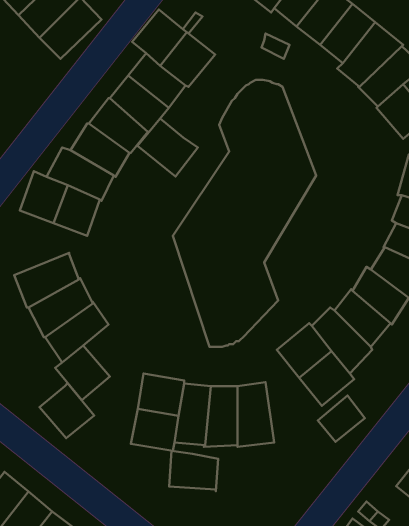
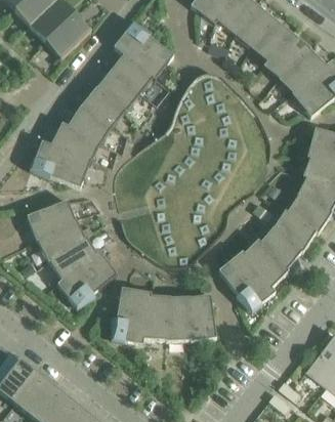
building: [138,118,198,176] -> none
building: [40,383,94,438] -> [77,249,117,289]
building: [318,395,365,442] -> none
building: [169,451,218,491] -> none

